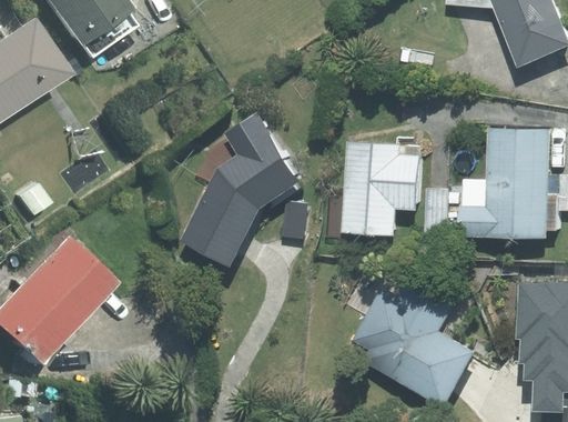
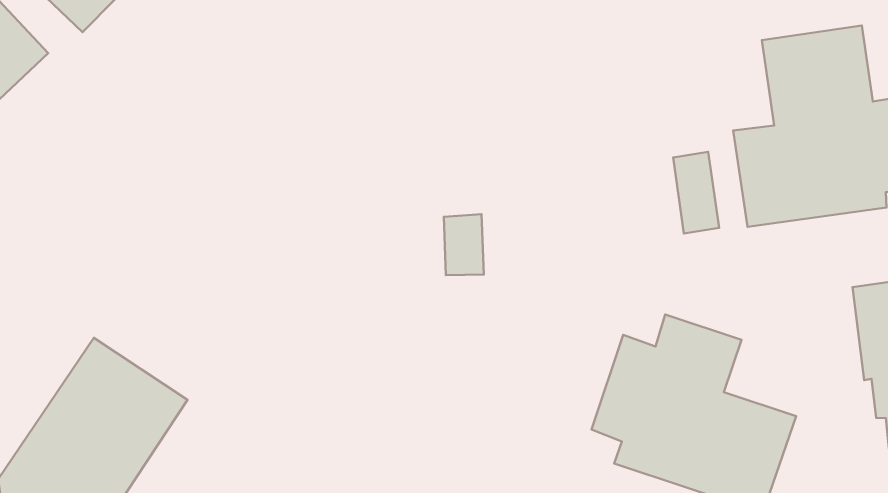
building: [181,113,300,264] -> none
building: [342,142,418,235] -> none

